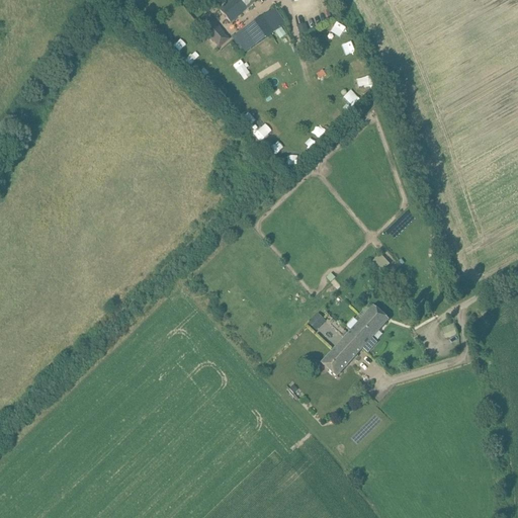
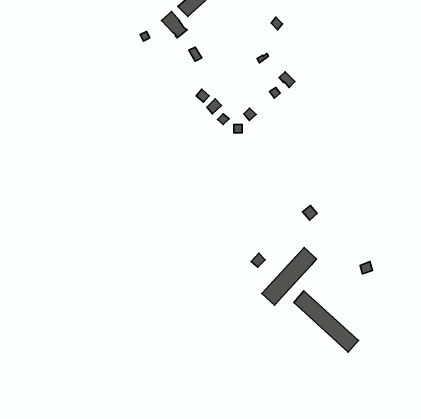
building: [232,6,285,52] -> none
building: none -> [294,291,358,352]

